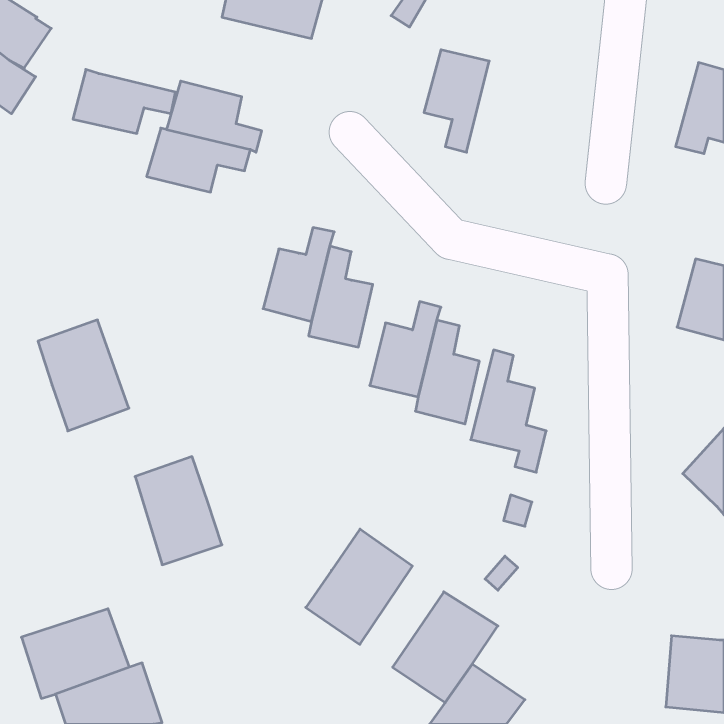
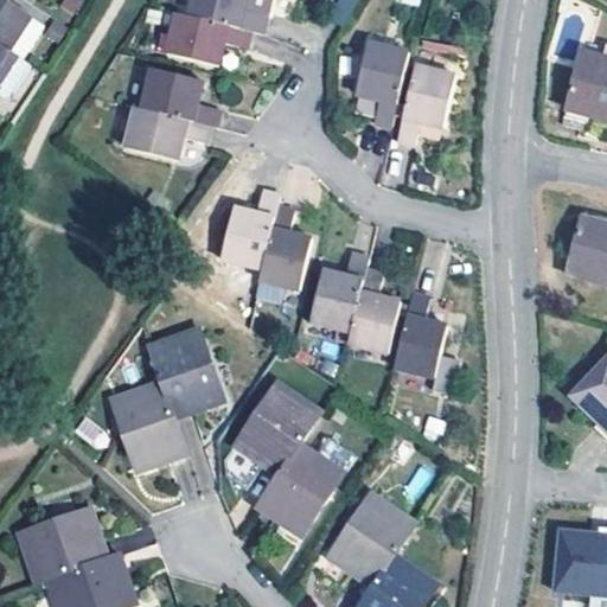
building: [73,69,175,133] -> [164,11,249,64]
building: none -> [395,65,454,145]
building: [38,320,129,431] -> [148,326,224,418]
building: none -> [234,382,320,475]

